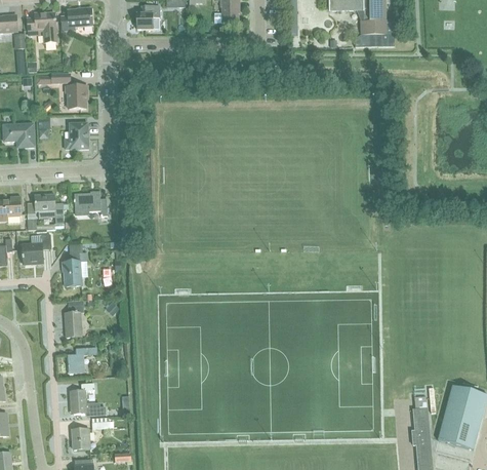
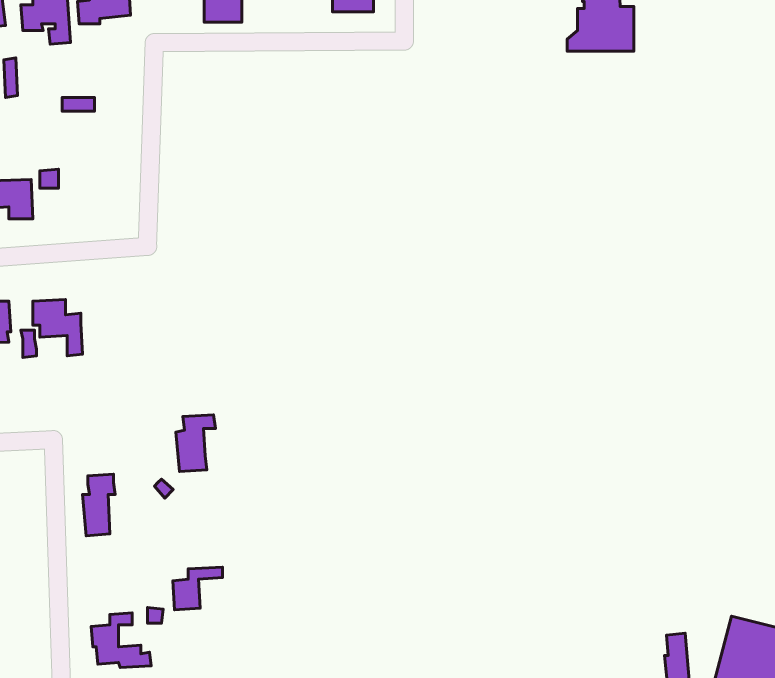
building: [65,84,86,108] -> none
building: [64,122,88,148] -> none
building: [73,191,107,216] -> none
building: [21,233,50,264] -> none
building: [63,251,86,285] -> [176,415,215,471]
building: [67,346,96,371] -> [173,567,222,610]

